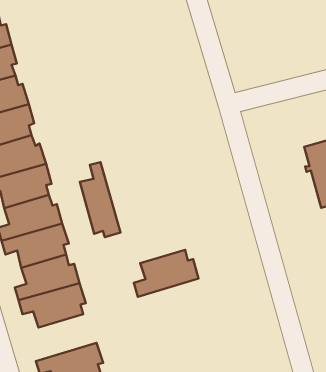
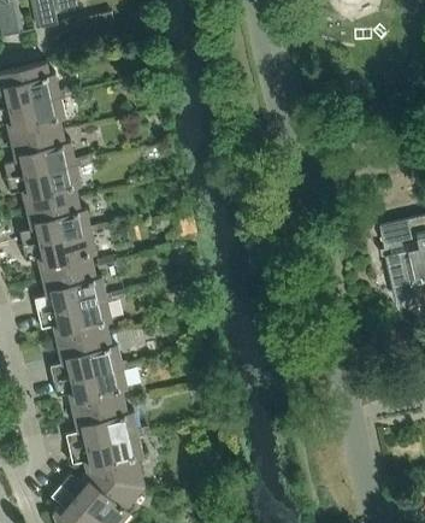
building: [80,162,121,237] -> none
building: [134,250,199,297] -> [66,400,138,449]

